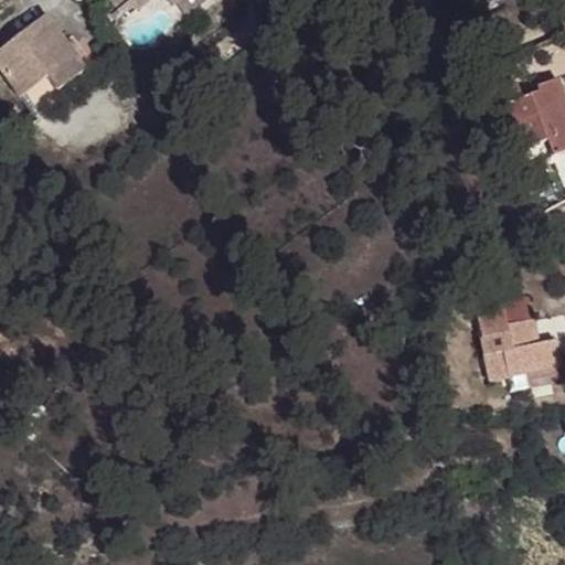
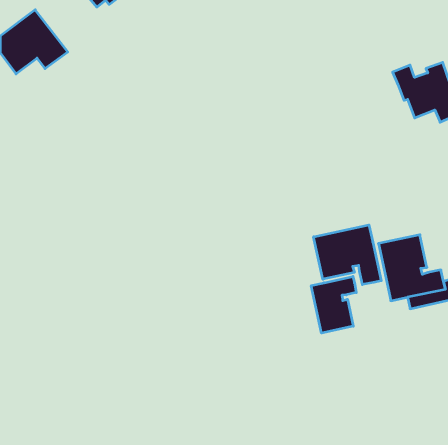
building: none -> [314,225,381,285]
building: none -> [311,276,356,333]

